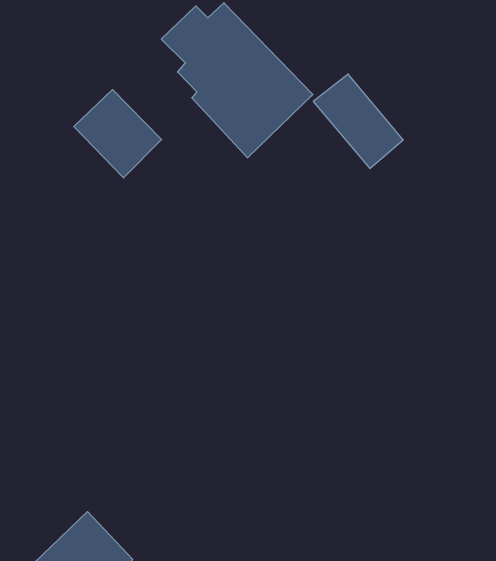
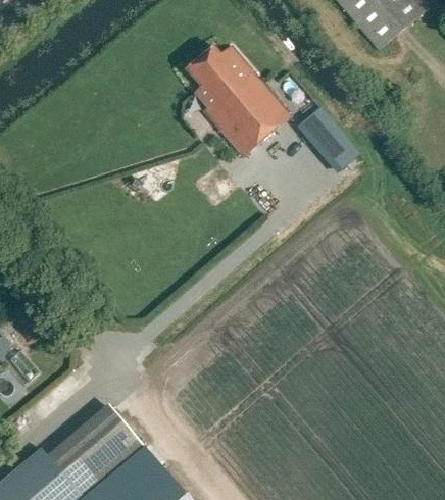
building: [74,90,162,178] -> none

